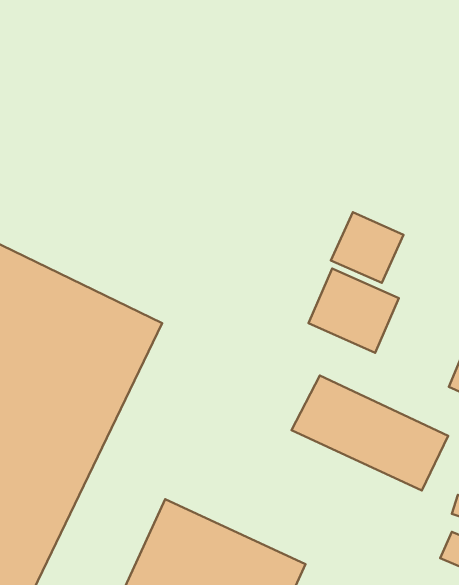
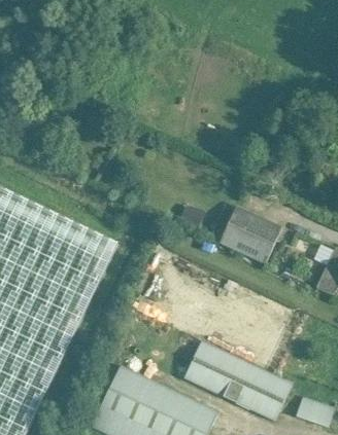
building: [331,212,404,283] -> none
building: [292,375,448,491] -> [183,340,293,421]

